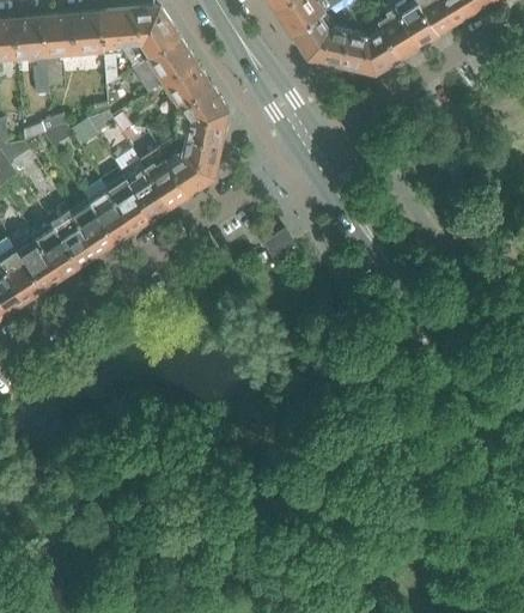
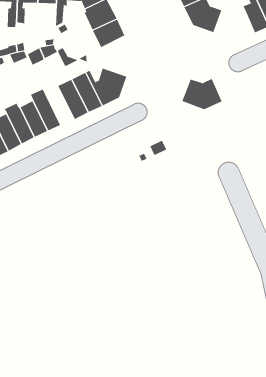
building: [340,26,400,74] -> [182,78,222,110]
building: [176,86,227,146] -> none
building: [100,168,151,230] -> none

